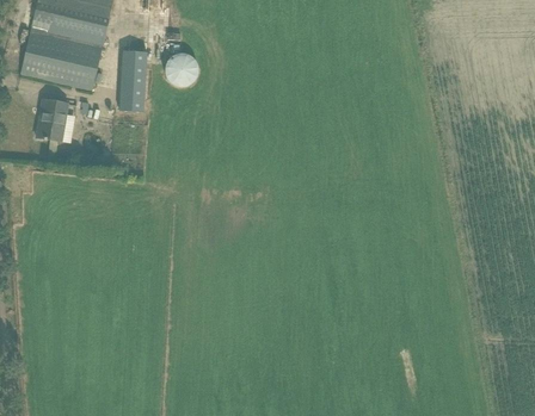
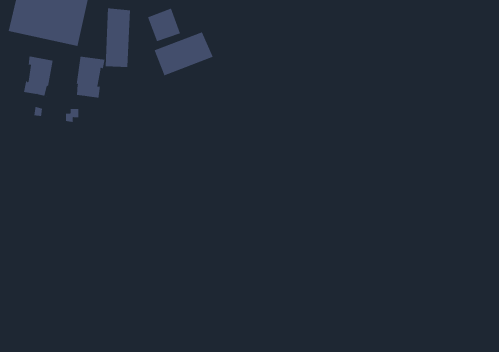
building: none -> [154,31,213,76]
building: none -> [74,56,105,99]

